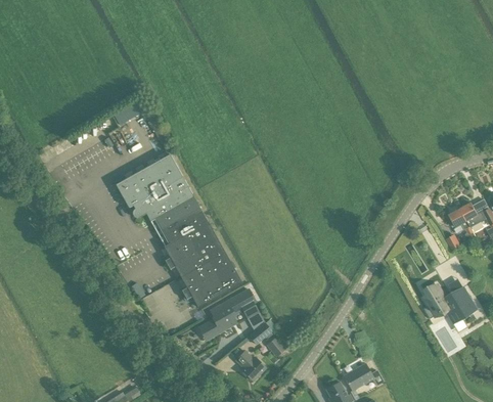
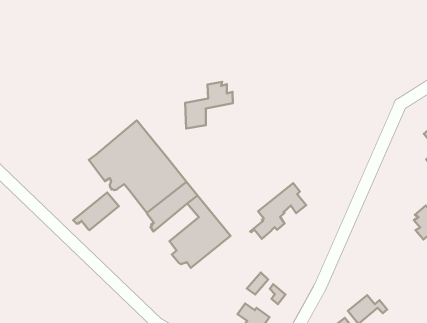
building: none -> [185,82,233,128]
building: [167,243,214,277] -> [73,193,119,230]
building: [198,287,258,337] -> [250,183,306,239]

